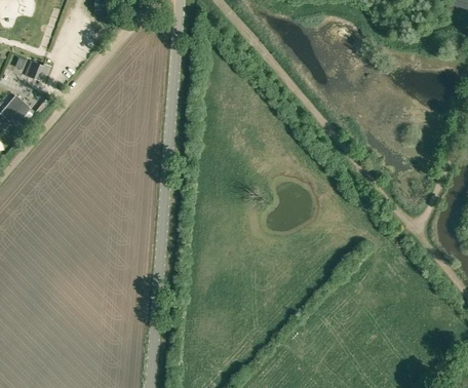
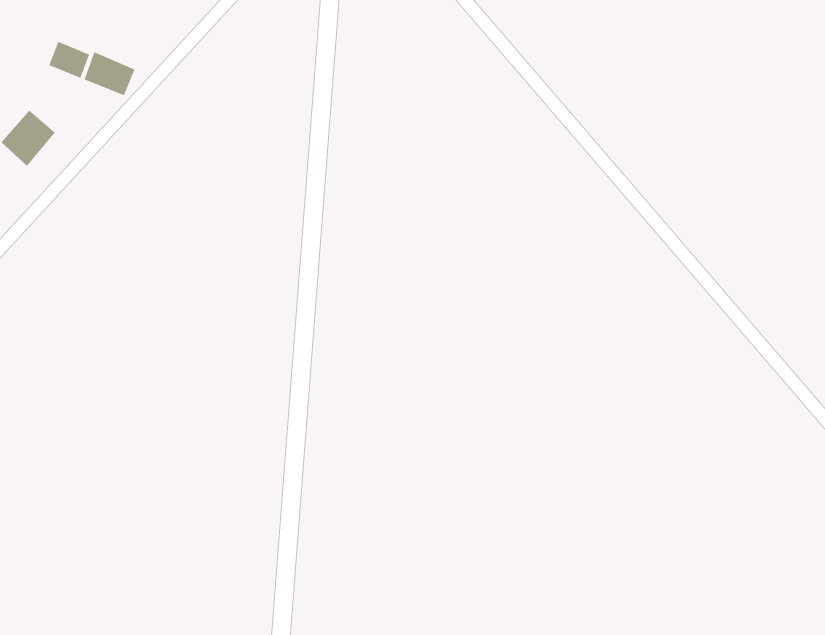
building: none -> [84,51,136,96]

